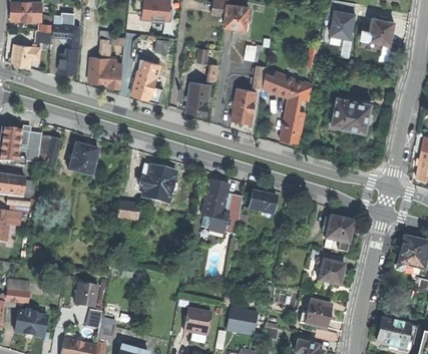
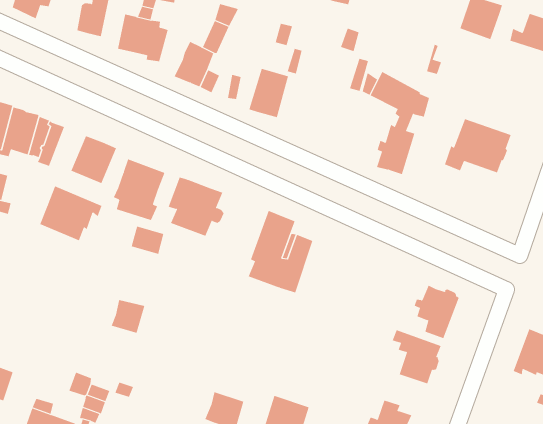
building: [233,87,258,122] -> none
building: none -> [113,159,165,221]
building: none -> [39,185,102,241]
building: [249,190,277,214] -> none
building: [75,284,97,306] -> [111,299,145,334]

